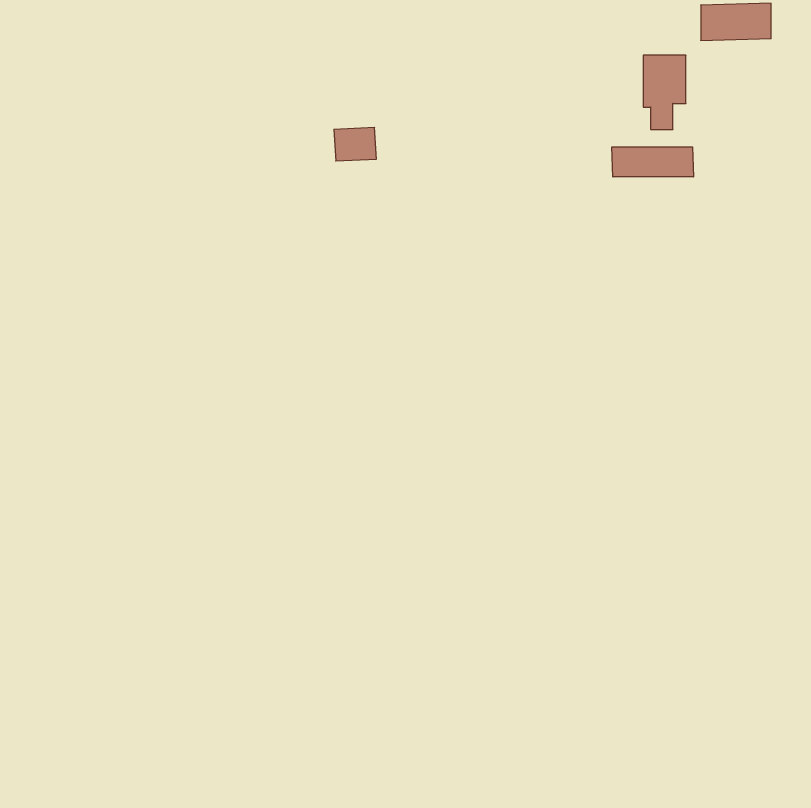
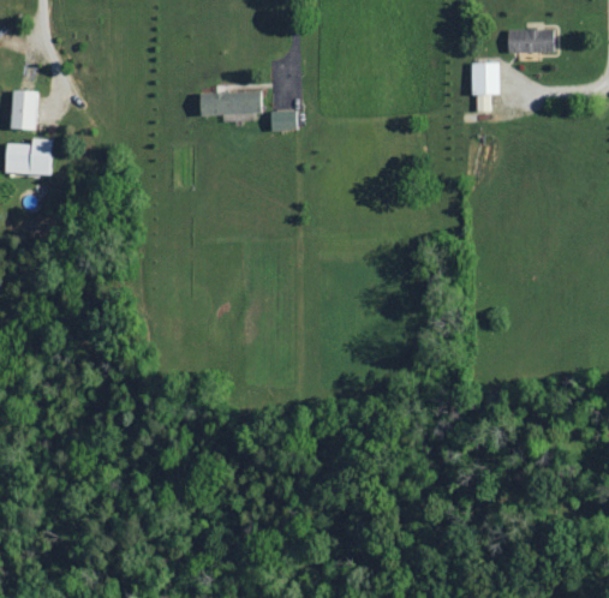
building: none -> [199,90,261,114]
building: [612,147,693,177] -> none

